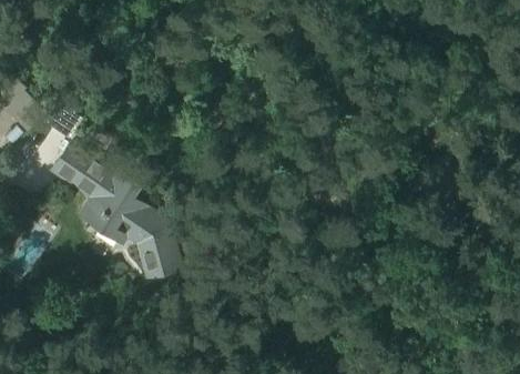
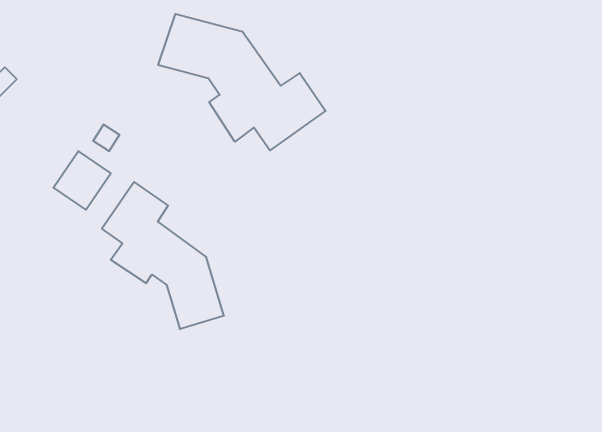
building: none -> [158,14,326,150]

